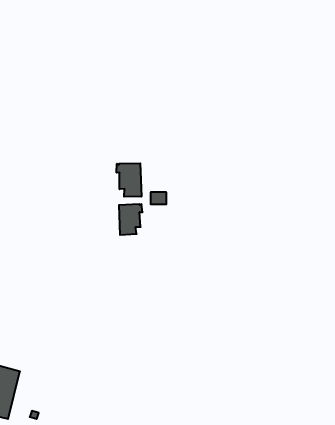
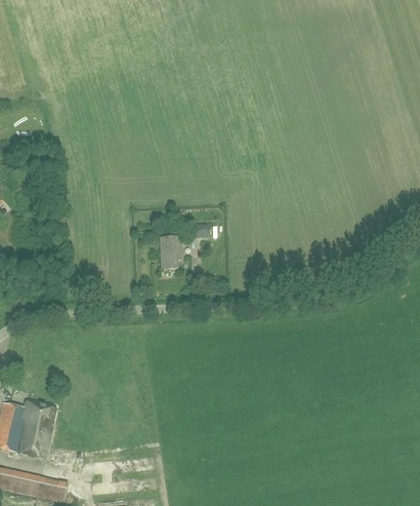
building: [117,163,141,197] -> none

